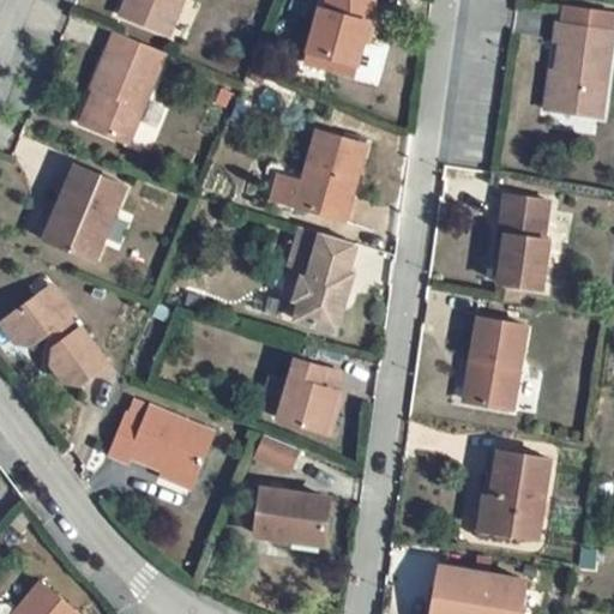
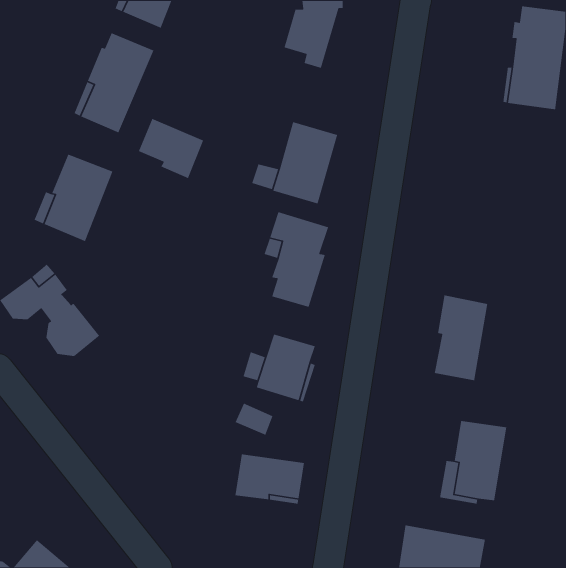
building: none -> [138,118,204,179]
building: [500,195,550,291] -> none
building: [108,407,213,482] -> none

